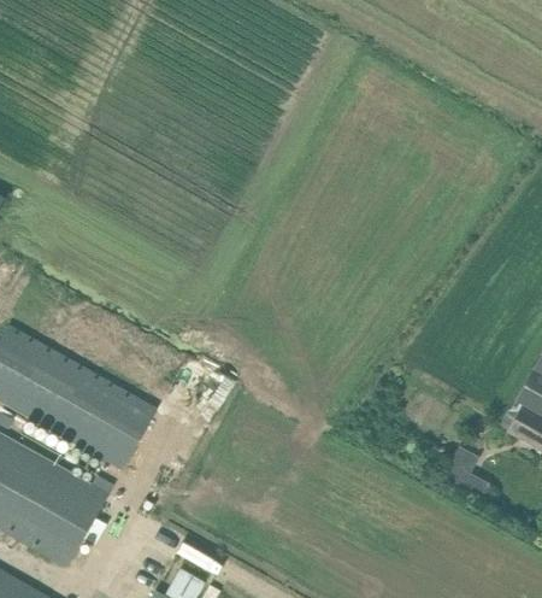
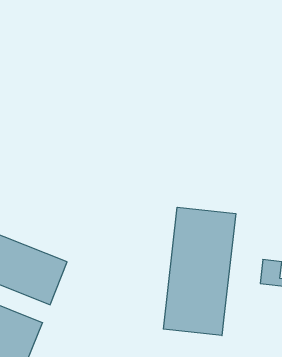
building: none -> [163,207,236,336]

